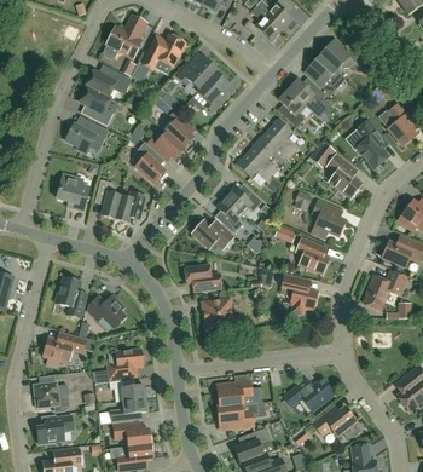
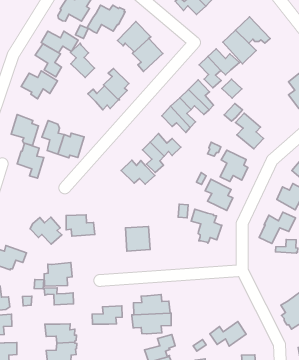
building: [357,120,388,167] -> none
building: [134,140,164,182] -> [71,43,95,78]
building: [185,264,221,290] -> [66,215,95,236]
building: [56,276,87,317] -> [17,143,44,178]
building: [283,376,334,410] -> none
building: [110,397,146,421] -> [92,306,122,324]

